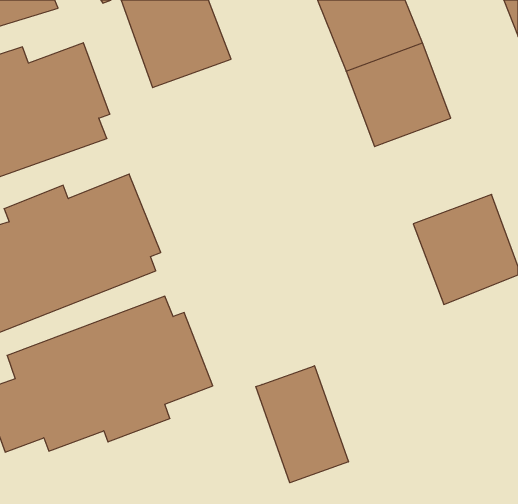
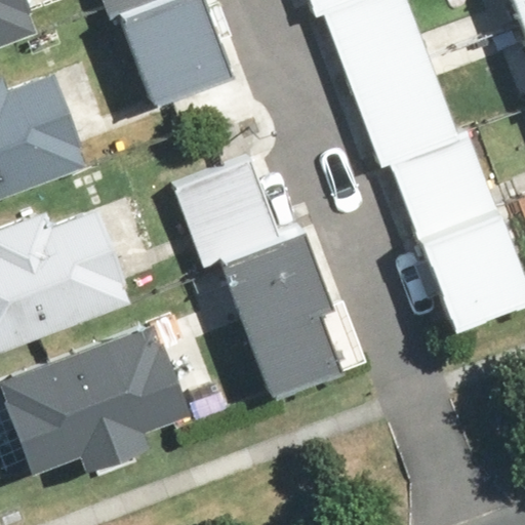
building: none -> [386,131,495,242]
building: none -> [174,159,345,395]
building: [256,366,348,483] -> none

